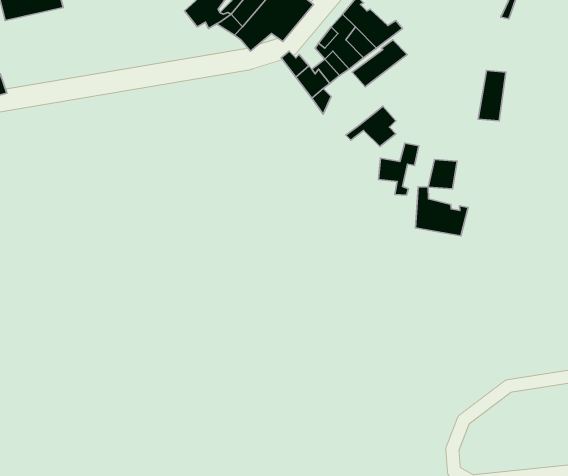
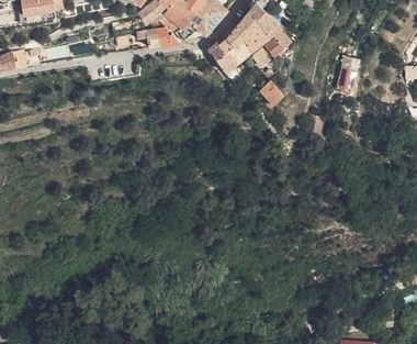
building: none -> [136,24,178,46]
building: [379,143,419,195] -> none
building: [415,187,468,236] -> none

